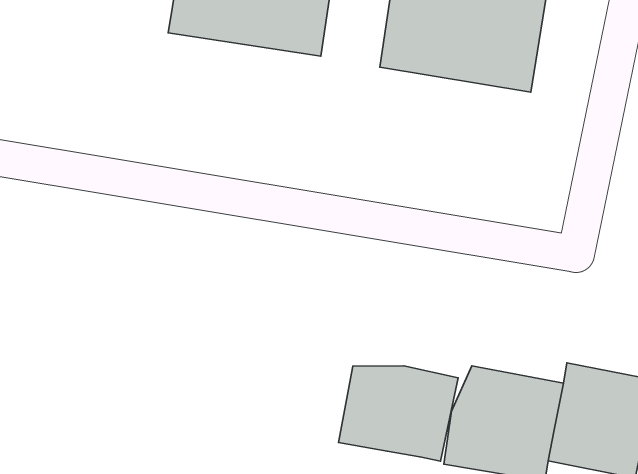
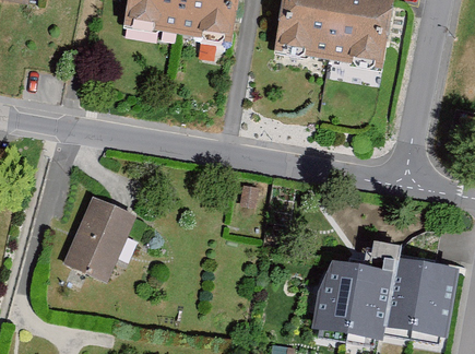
building: none -> [67,196,135,279]
building: [339,366,458,461] -> none

